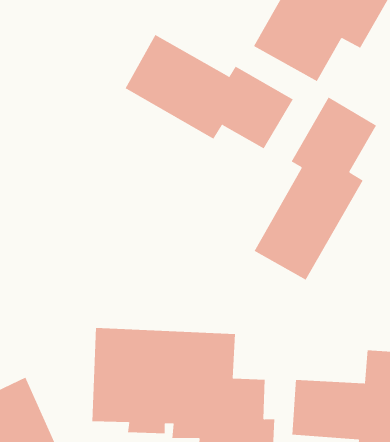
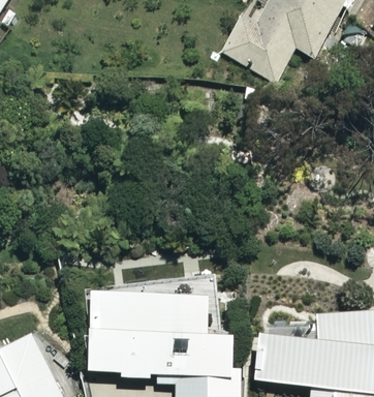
building: [125,34,293,149] -> none
building: [254,96,377,280] -> none

